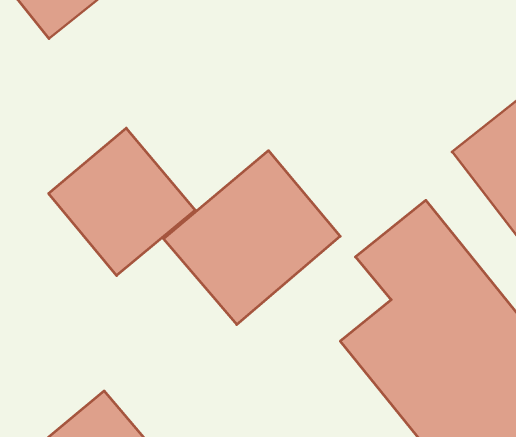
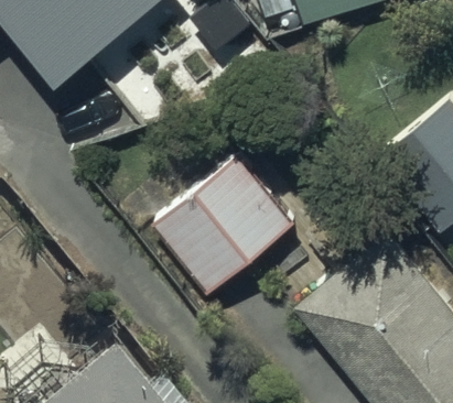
building: [49,128,195,276] -> none

